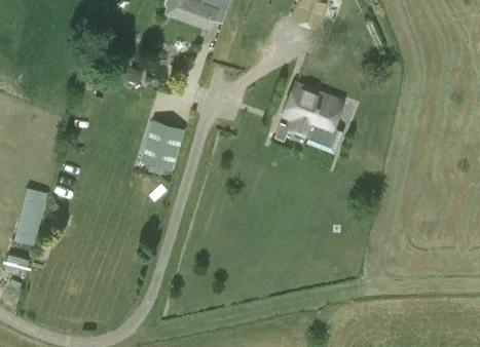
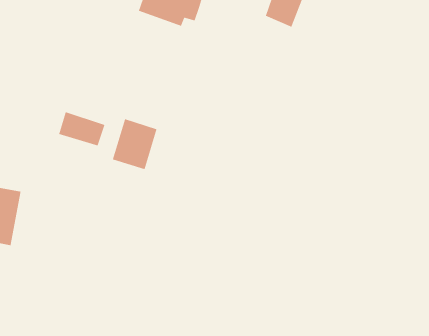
building: [283,85,339,134] -> none
building: none -> [58,111,105,146]

